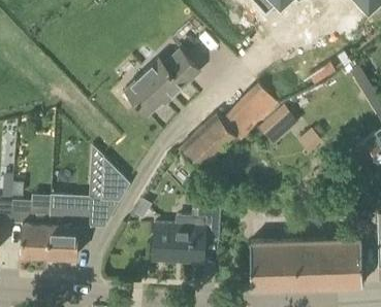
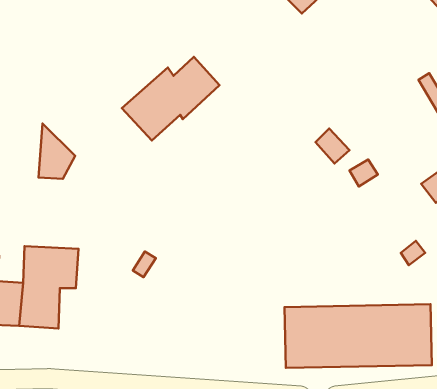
building: [179,81,277,171] -> none
building: [101,159,129,201] -> [39,124,75,179]
building: [152,200,220,263] -> none

